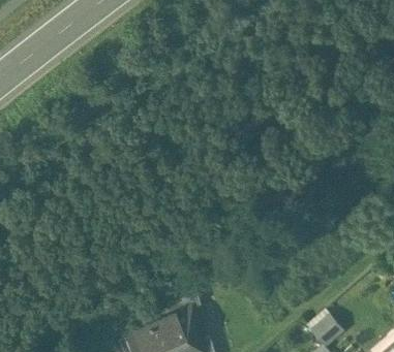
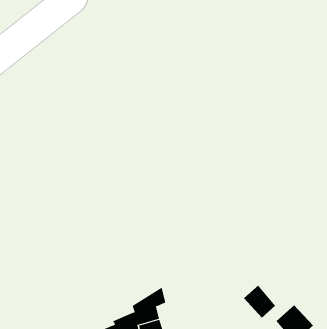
building: none -> [243,285,276,319]

